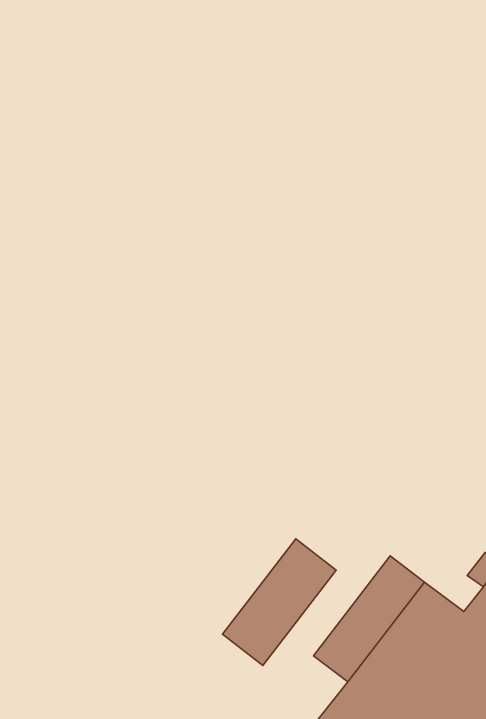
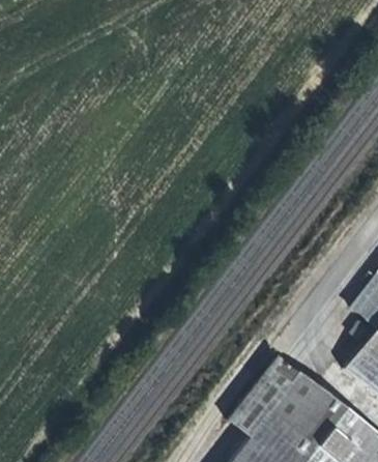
building: [222,539,336,666] -> none

